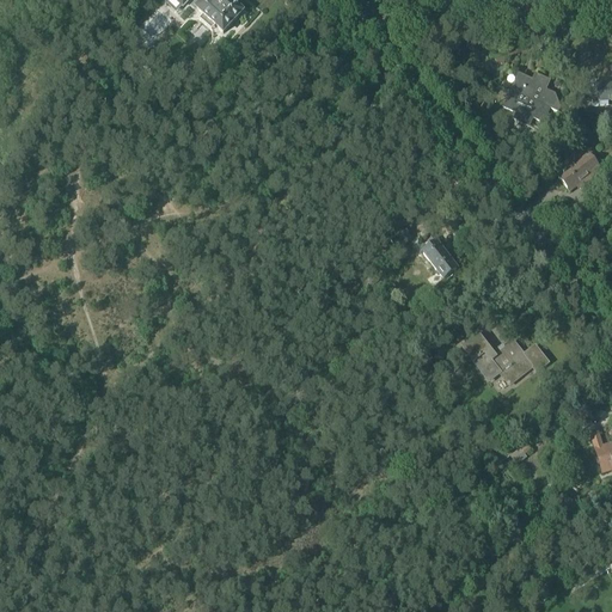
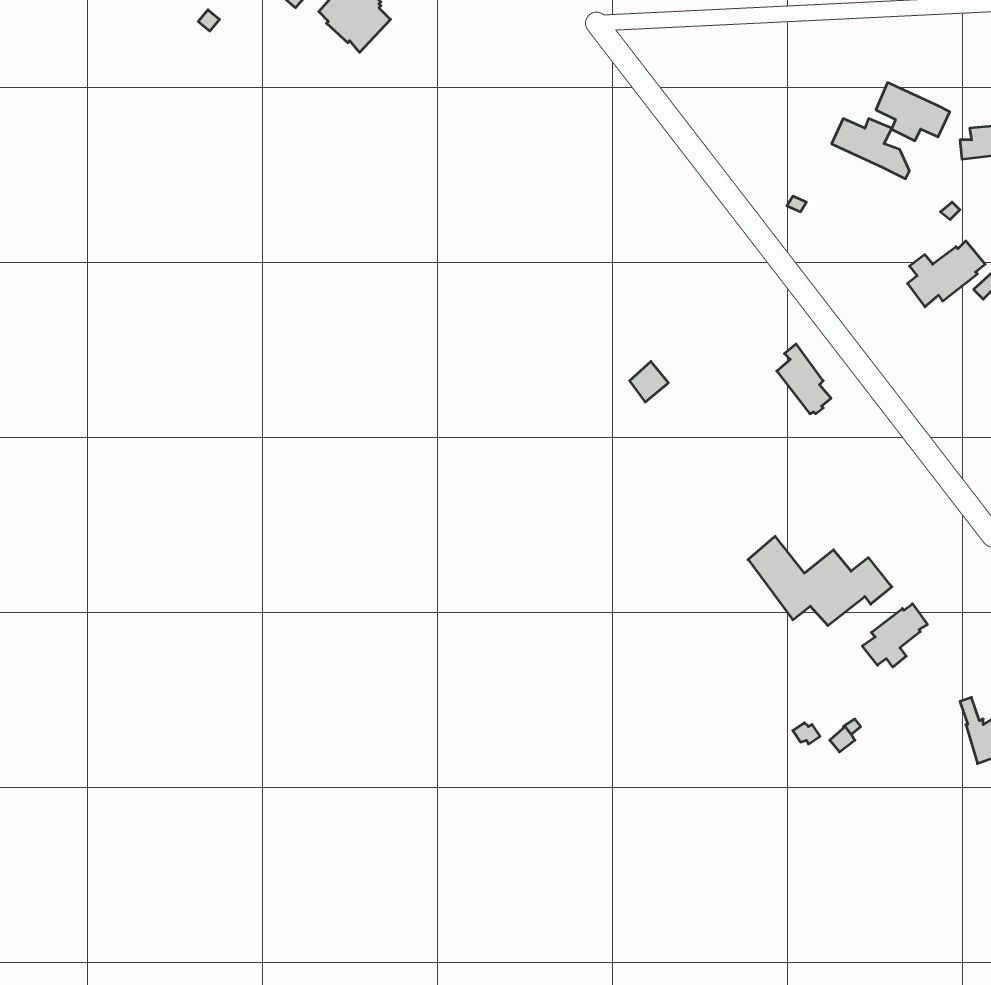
building: [506,88,551,124] -> [876,83,950,141]
building: [424,234,458,277] -> [777,344,831,414]
building: none -> [862,604,927,667]

